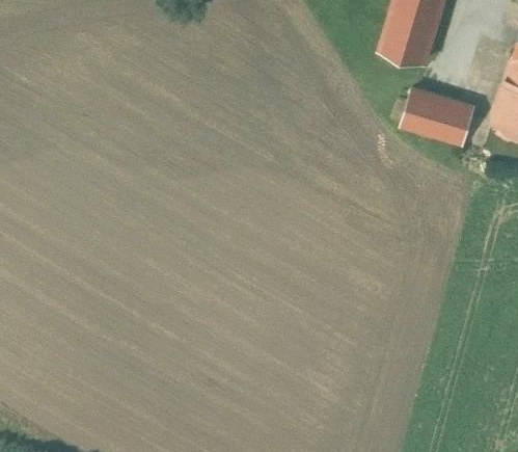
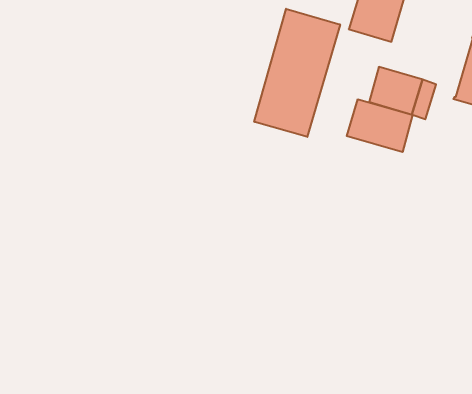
building: none -> [254,9,340,137]
building: none -> [347,99,413,152]

